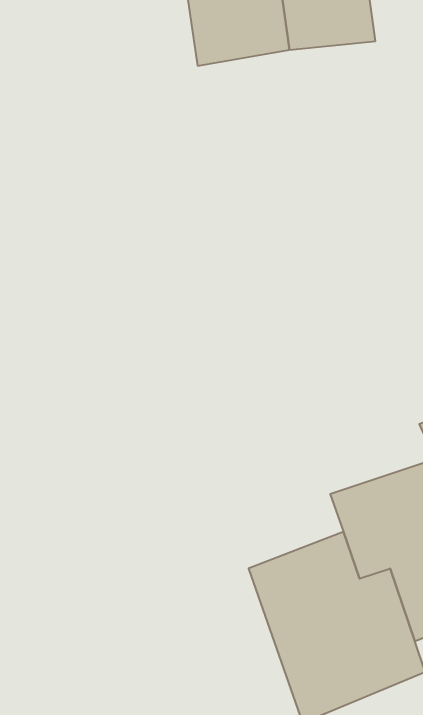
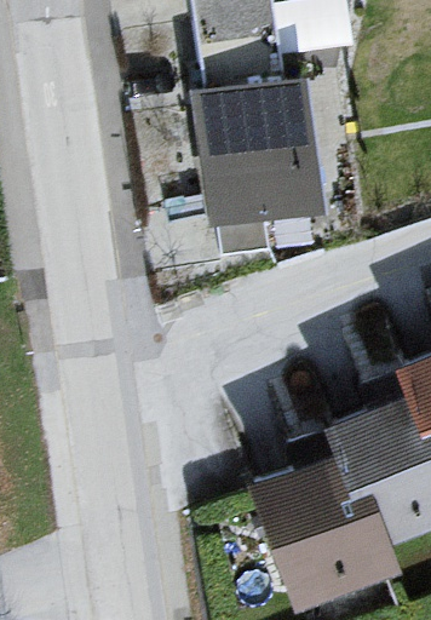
building: none -> [195,67,321,219]

